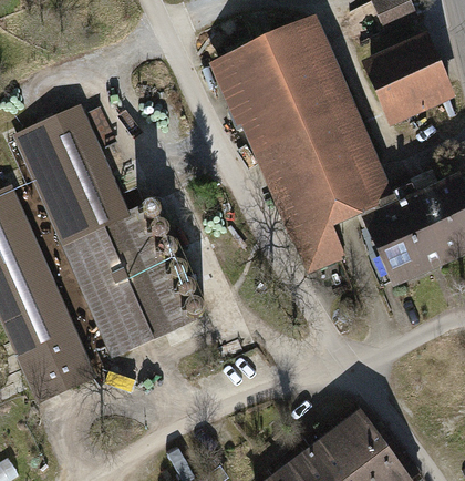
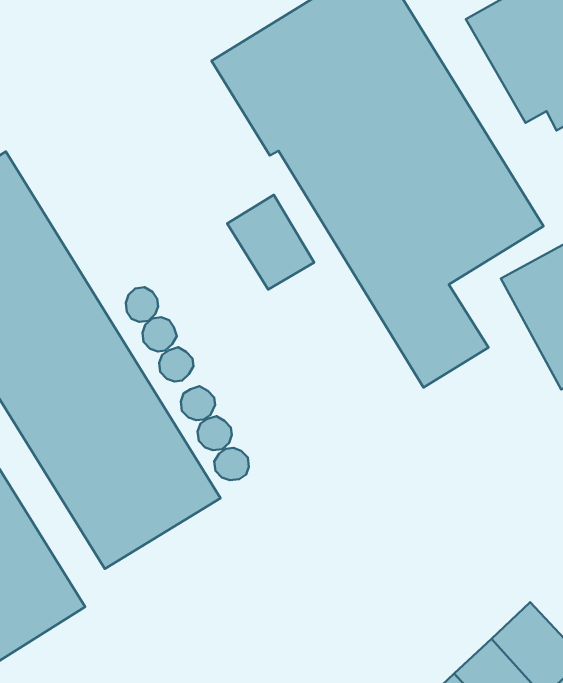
building: none -> [227,195,314,290]

